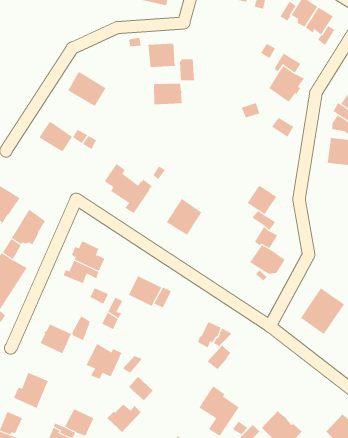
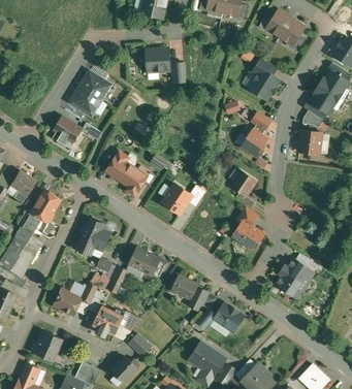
building: [152,83,183,105] -> none
building: none -> [67,89,100,119]
building: none -> [242,124,266,156]
building: none -> [170,274,198,299]
building: none -> [214,302,244,331]

